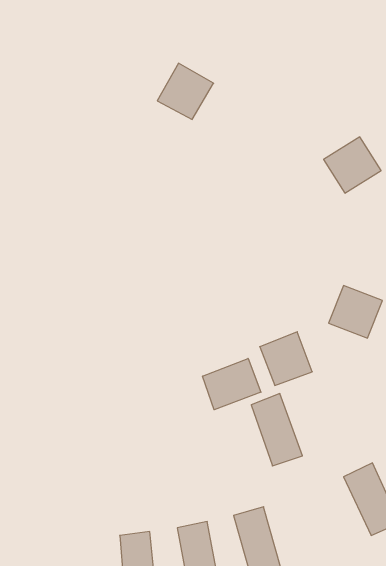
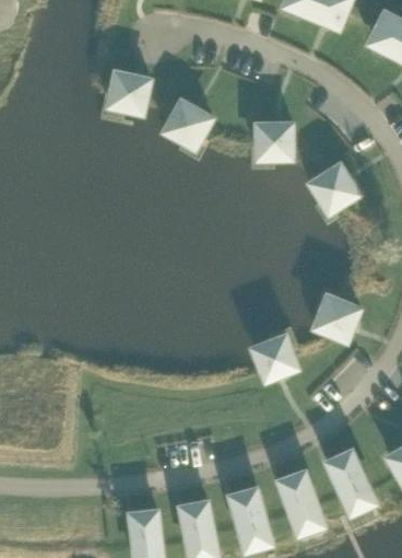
building: none -> [107,69,149,113]
building: none -> [256,120,291,158]
building: [203,358,261,410] -> none
building: [251,394,302,466] -> [277,468,322,532]

